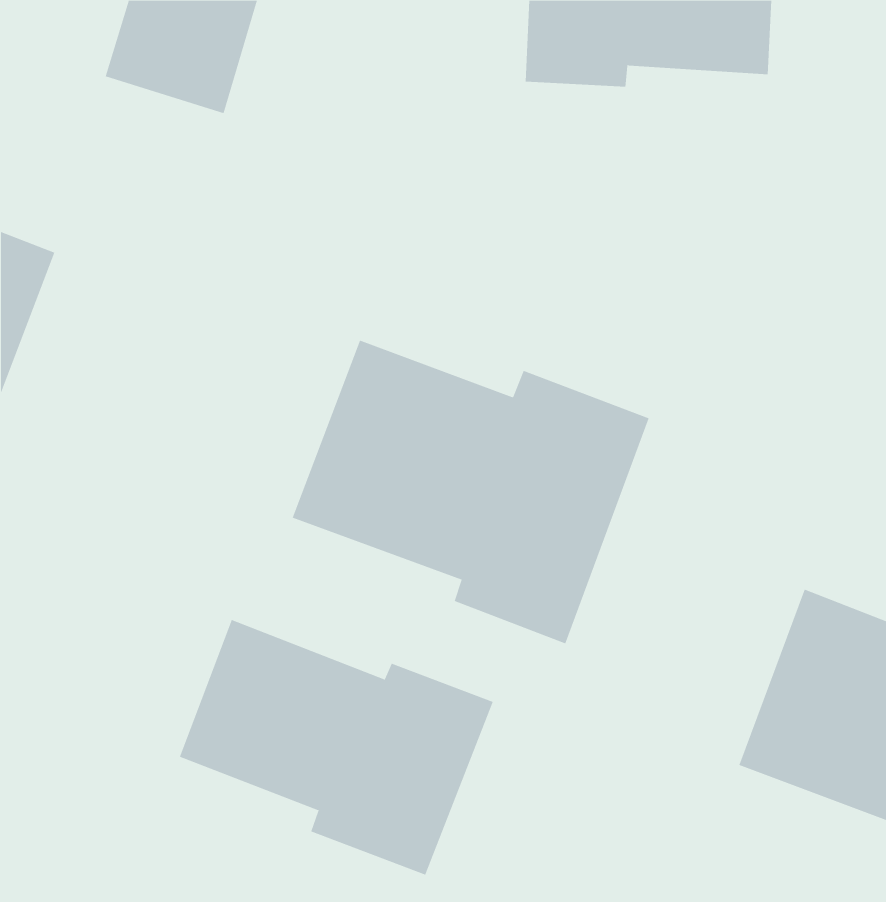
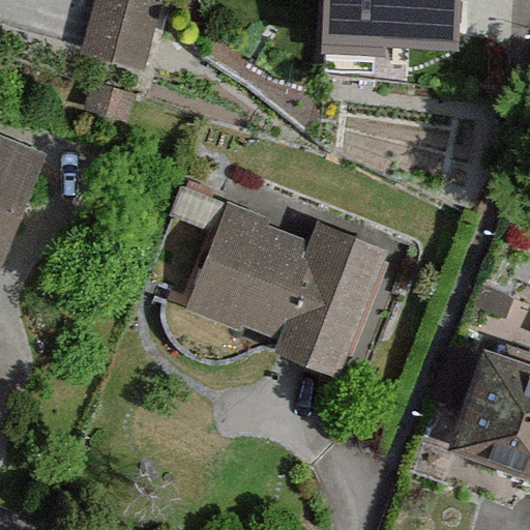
building: [179,619,494,875] -> none

